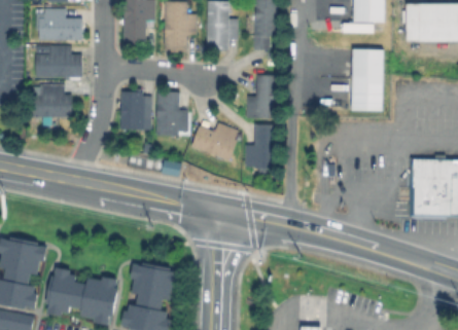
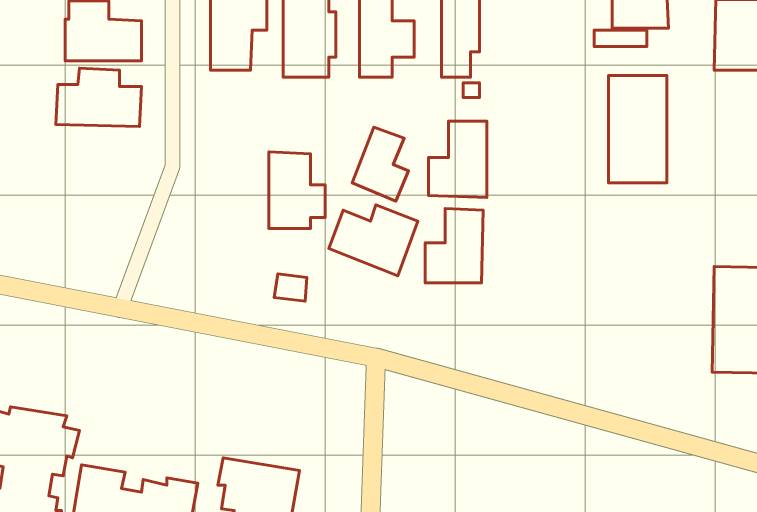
building: none -> [352,127,409,201]
building: [32,84,74,117] -> none
building: [120,89,151,131] -> none

